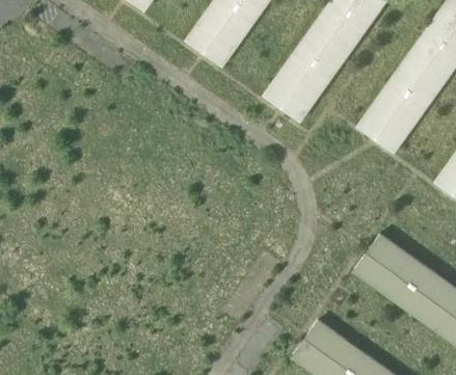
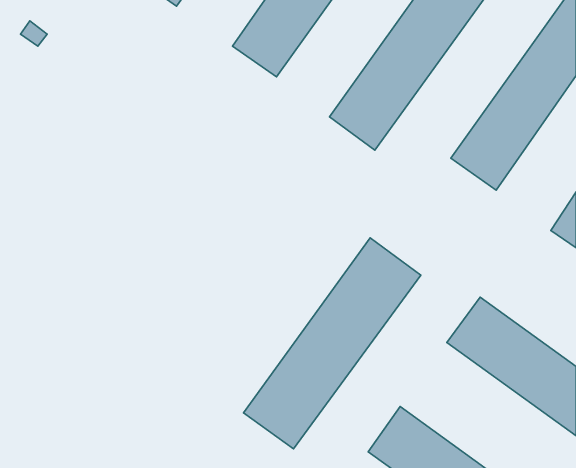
building: none -> [244,238,421,449]

